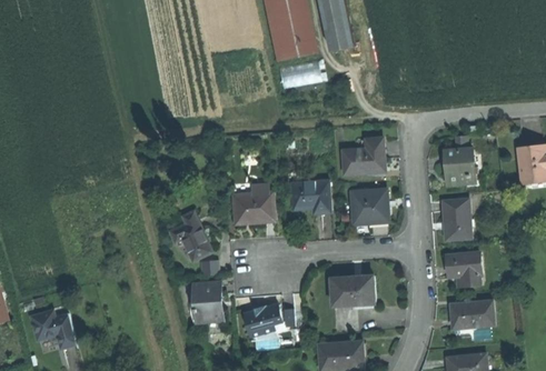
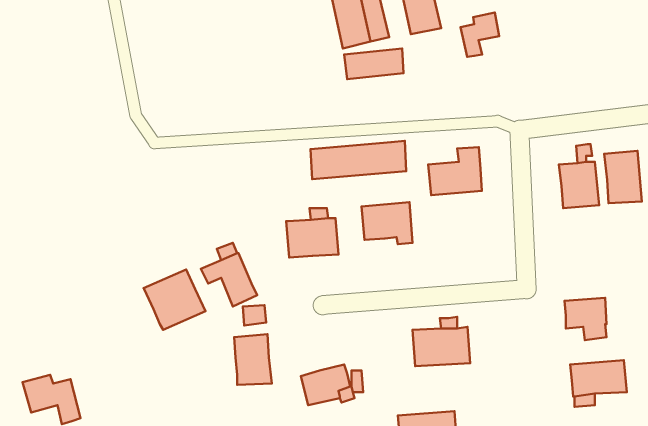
building: none -> [460,13,499,57]
building: none -> [311,141,406,179]
building: [351,189,388,223] -> none
building: [441,199,470,239] -> [604,151,642,203]
building: none -> [144,269,206,330]

